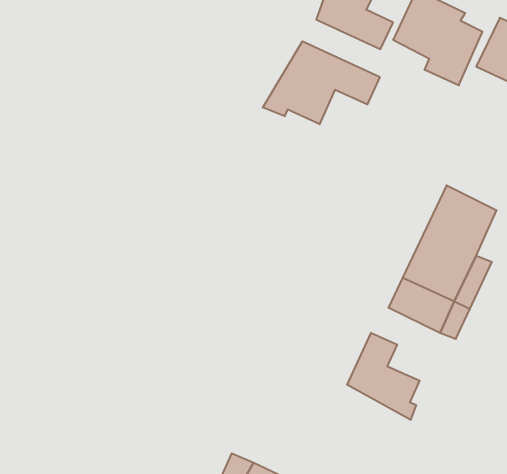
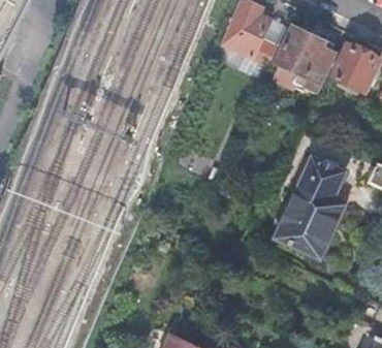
building: [263,41,380,124] -> none
building: [347,333,420,420] -> none

